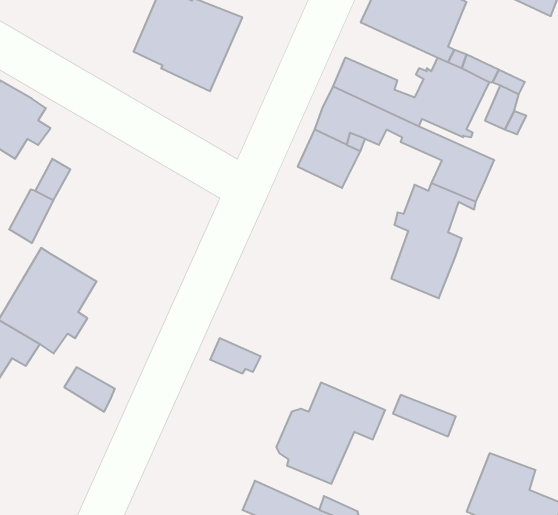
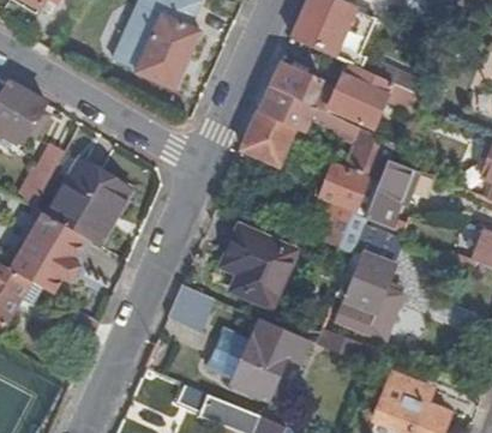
building: none -> [366,160,418,225]
building: none -> [49,161,130,245]
building: none -> [336,223,404,339]
building: none -> [228,225,294,305]

